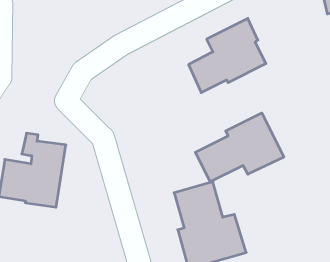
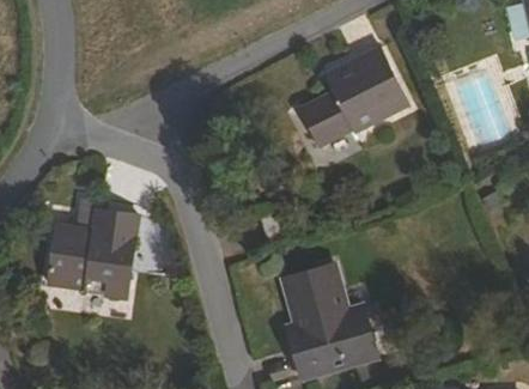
building: [195,113,284,182] -> none

